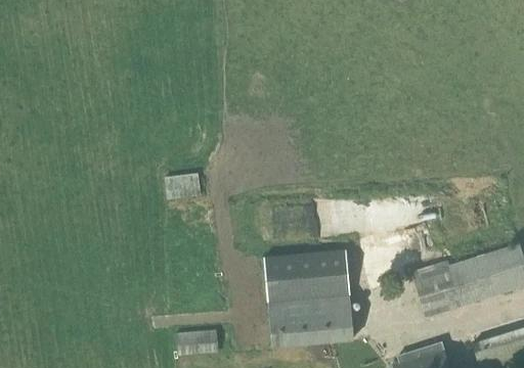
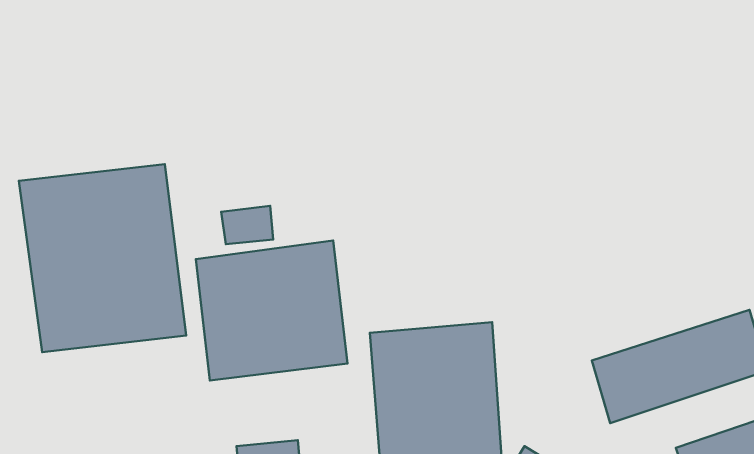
building: none -> [19,164,186,352]
building: none -> [196,241,347,381]

